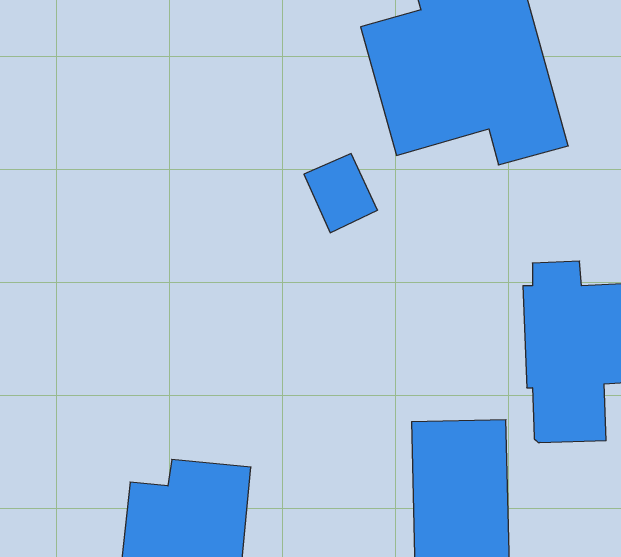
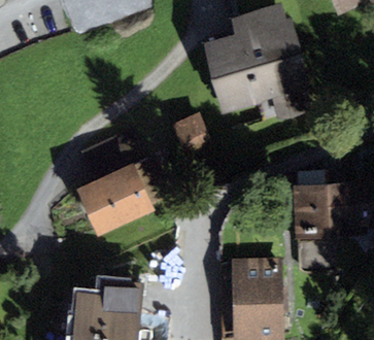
building: none -> [75,129,164,238]

